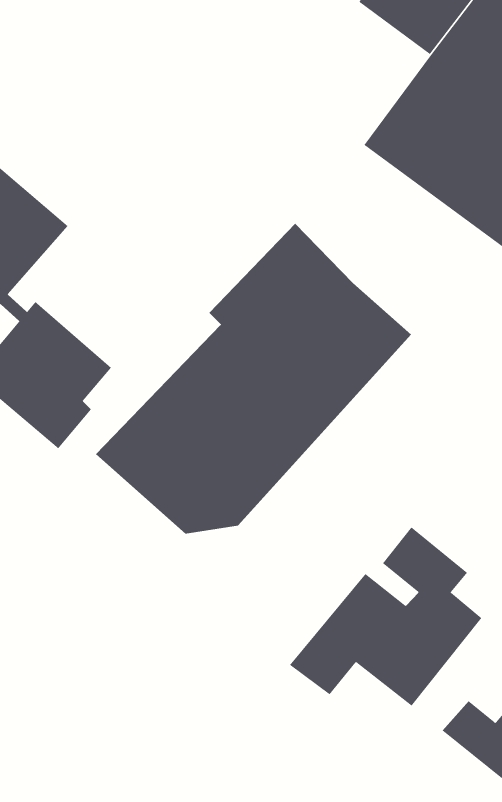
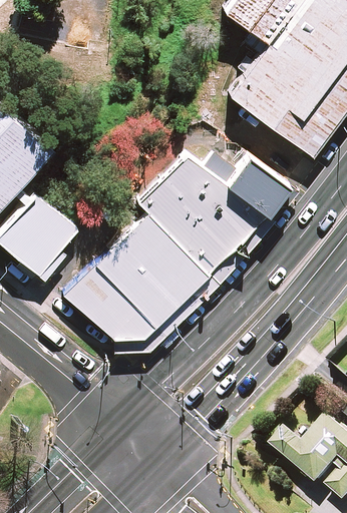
building: none -> [223,149,284,210]
building: [289,527,482,707] -> none

